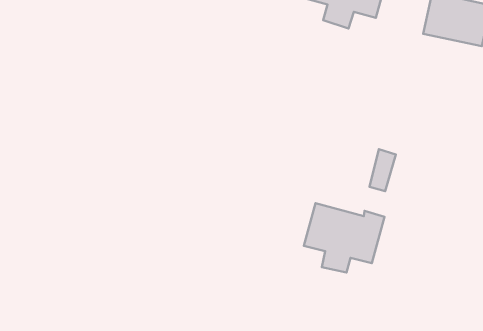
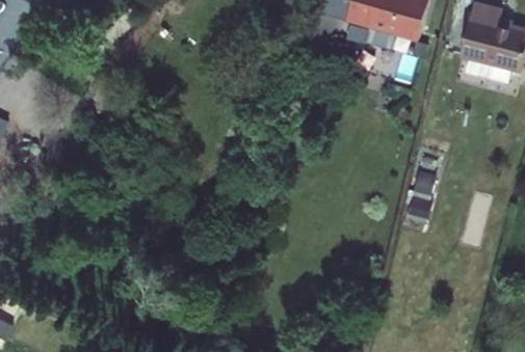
building: [304,203,384,272] -> none

